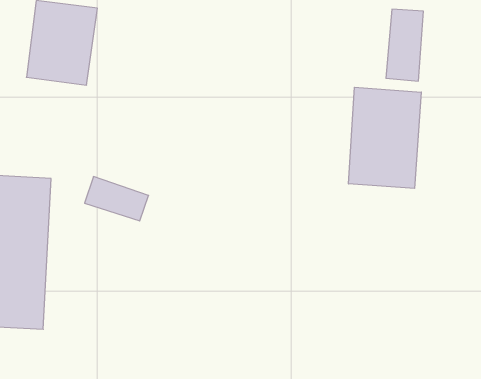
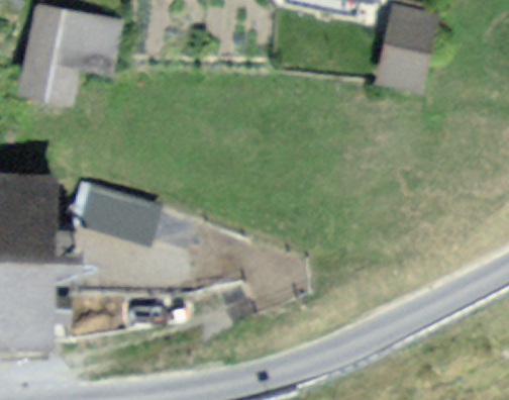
building: [349,87,421,188] -> none

